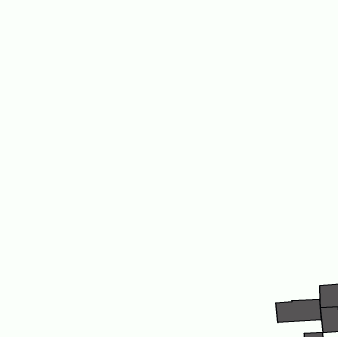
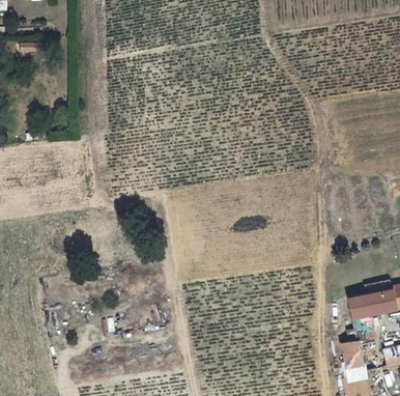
building: [276,299,321,323] -> none

